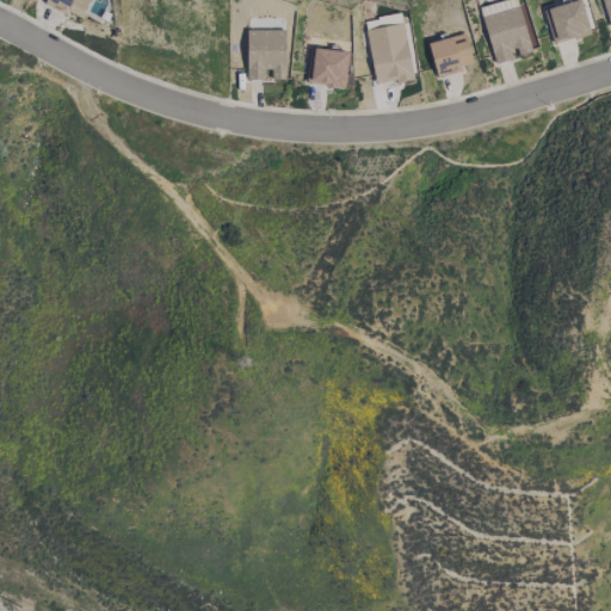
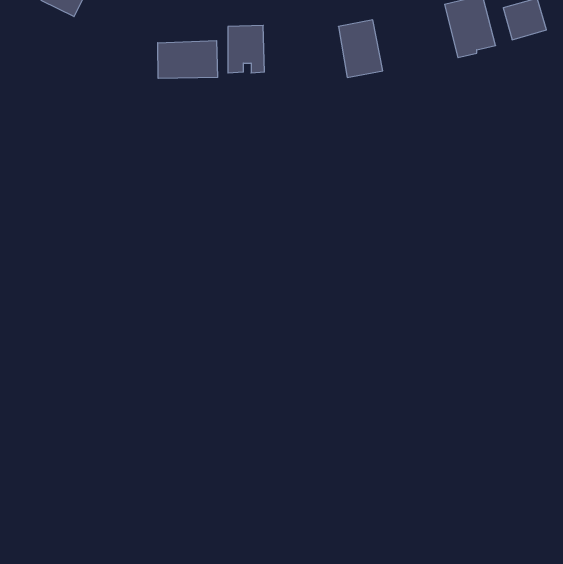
building: [430,31,475,74] -> none
building: none -> [158,41,218,78]
building: [309,48,350,85] -> none

